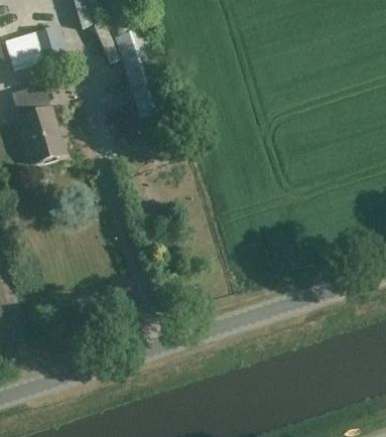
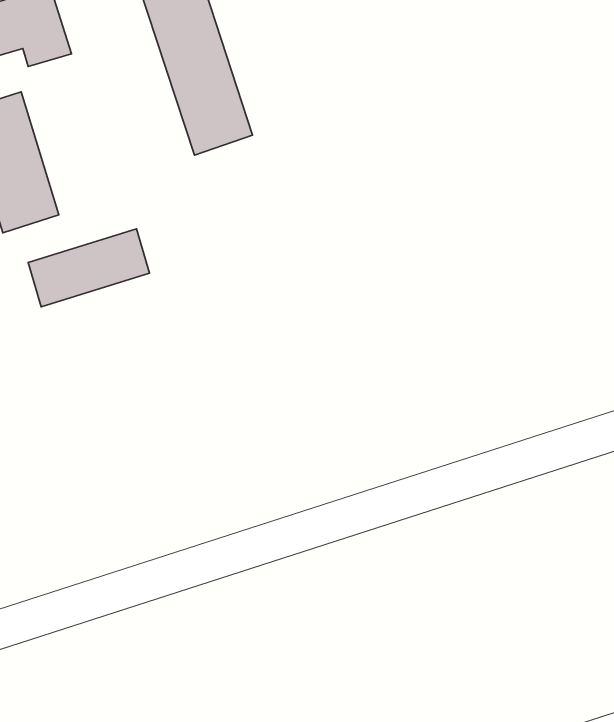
building: none -> [28,229,149,307]

